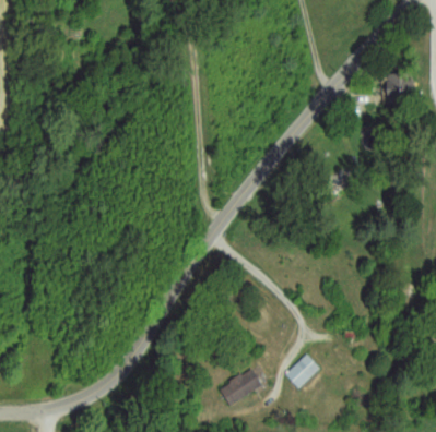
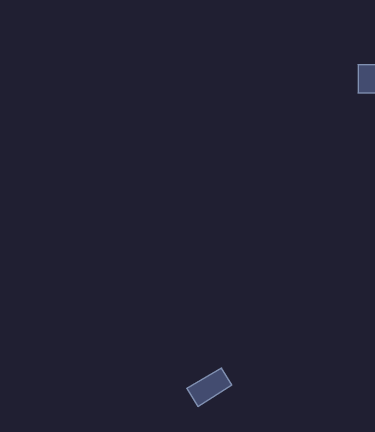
building: [285,352,321,388] -> none

